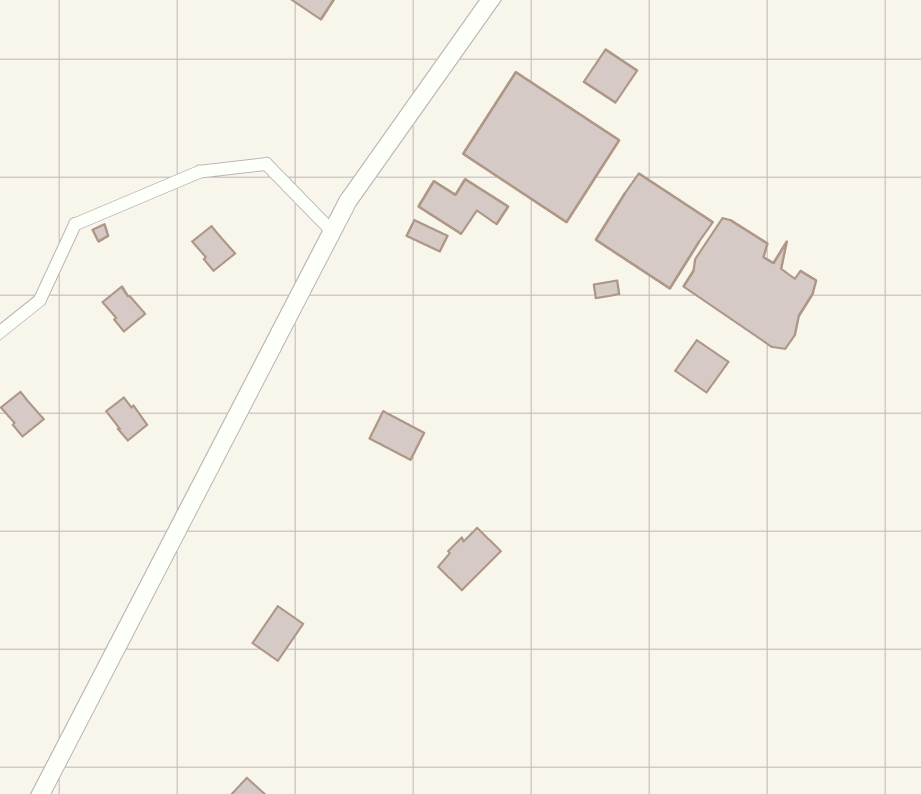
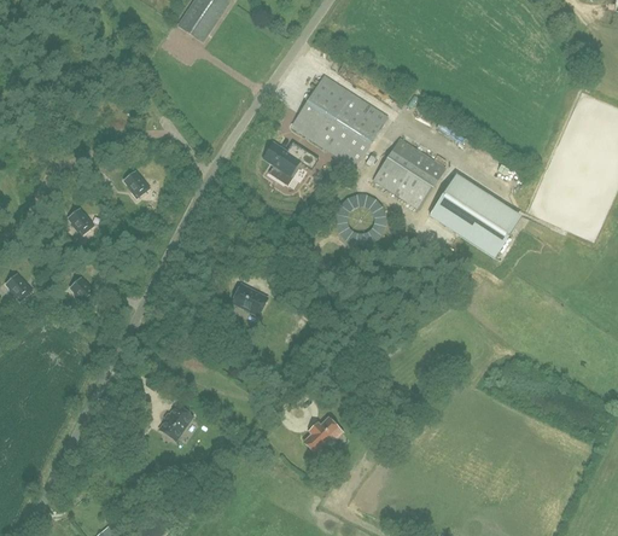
building: [584,50,637,103] -> none
building: [675,340,728,392] -> none
building: [438,528,501,590] -> [304,418,343,456]

